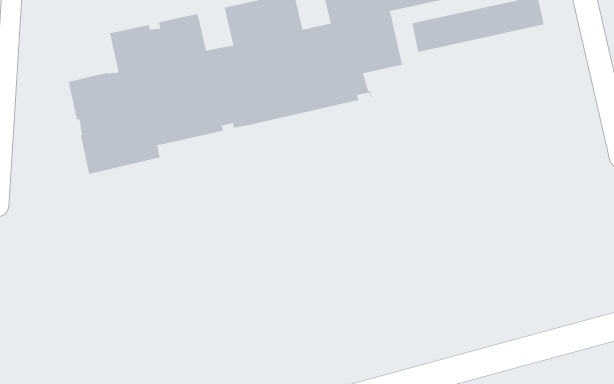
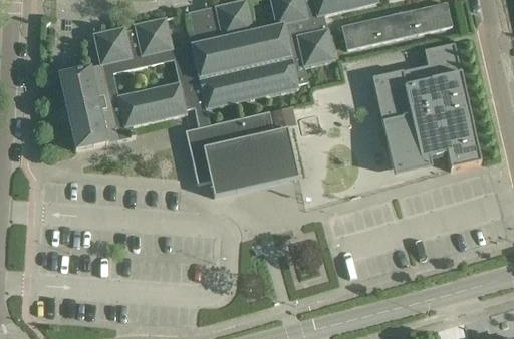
building: none -> [373,42,482,173]
building: none -> [186,108,299,196]

